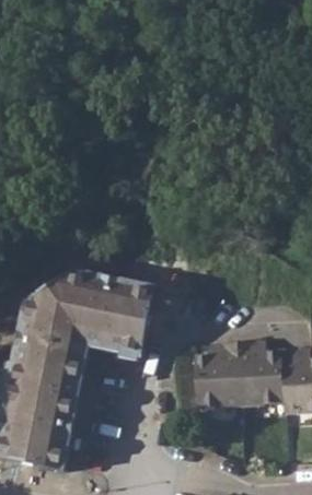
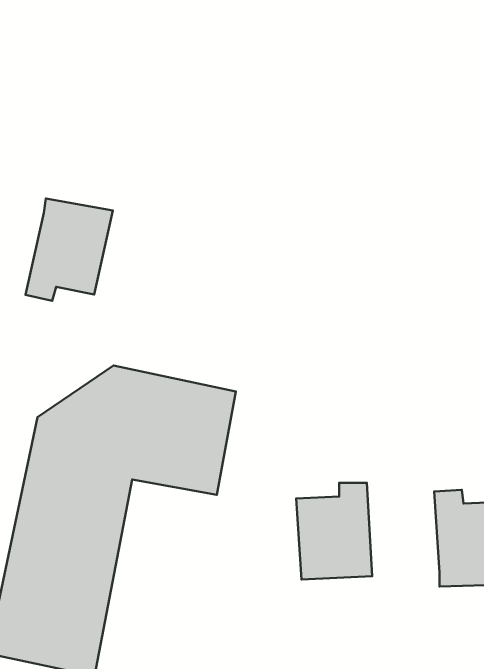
building: none -> [26,199,113,301]
building: [234,345,280,405] -> none

